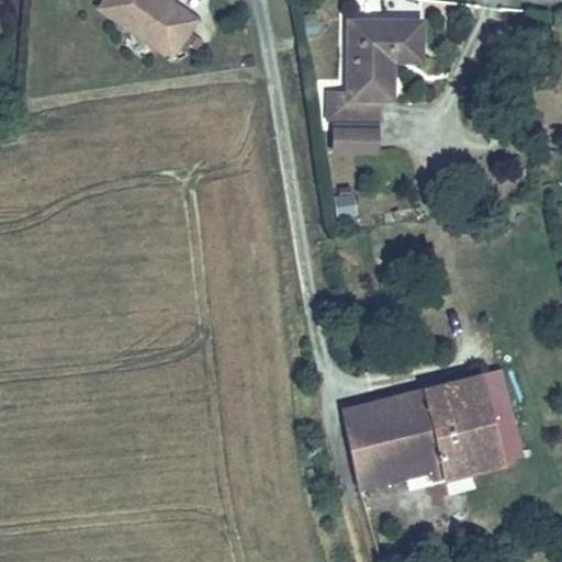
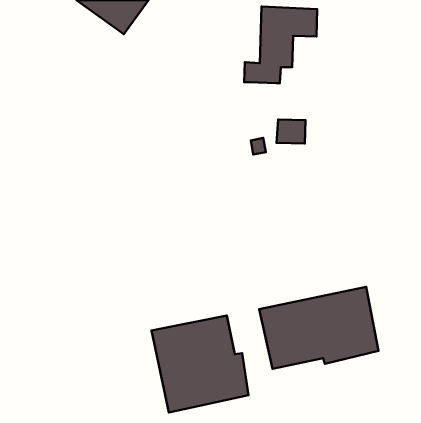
building: [331,111,370,143] -> [277,119,306,144]
building: none -> [152,315,248,413]

